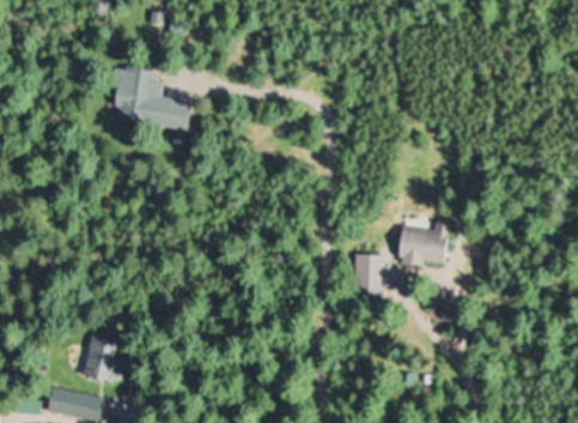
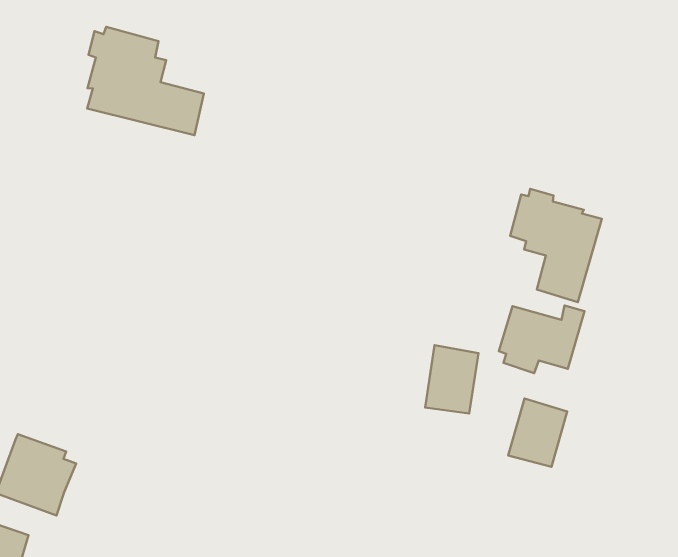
building: none -> [510,189,602,302]
building: none -> [508,399,567,467]

